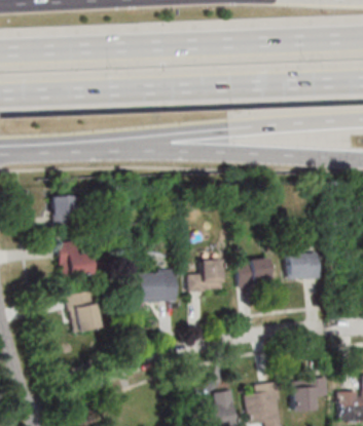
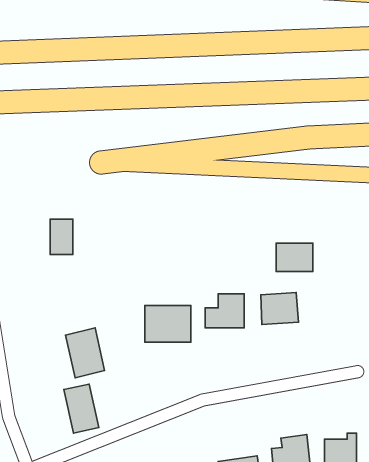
building: [60,240,93,276] -> none
building: [288,254,320,278] -> [276,243,313,272]
building: none -> [64,384,99,433]

